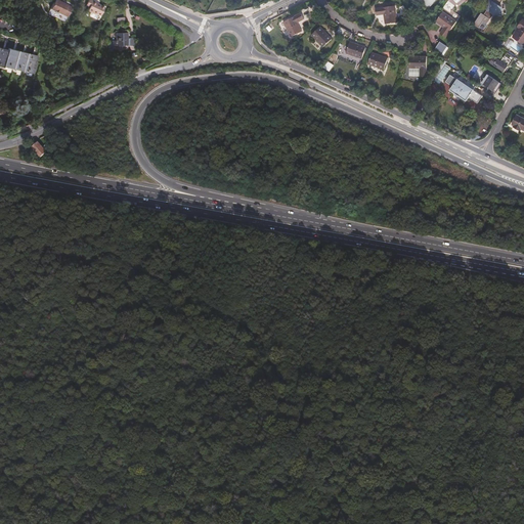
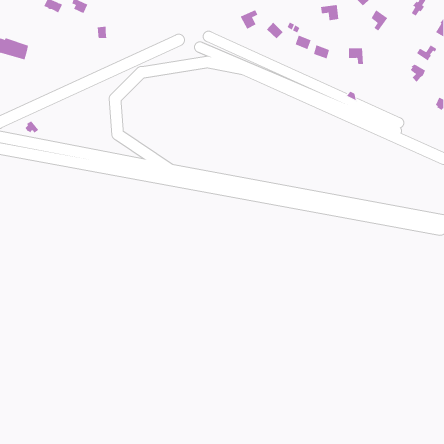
building: [444,74,481,103] -> none

